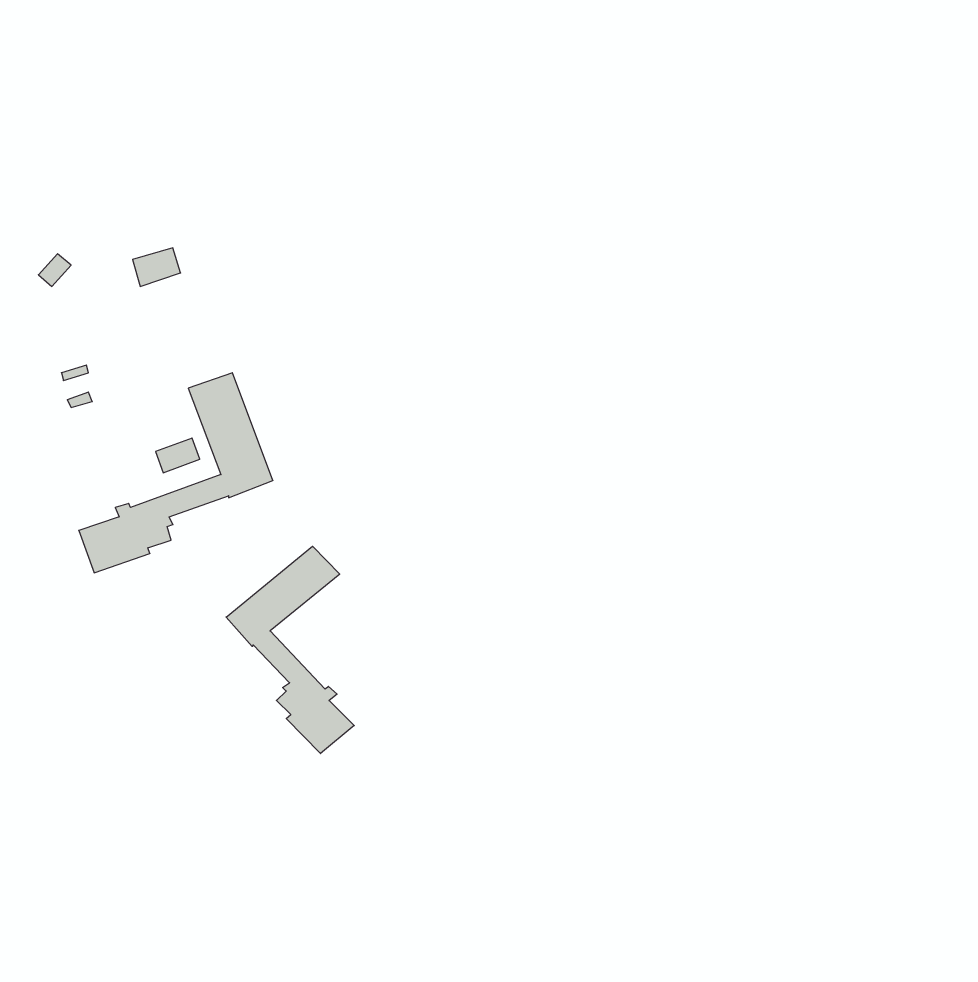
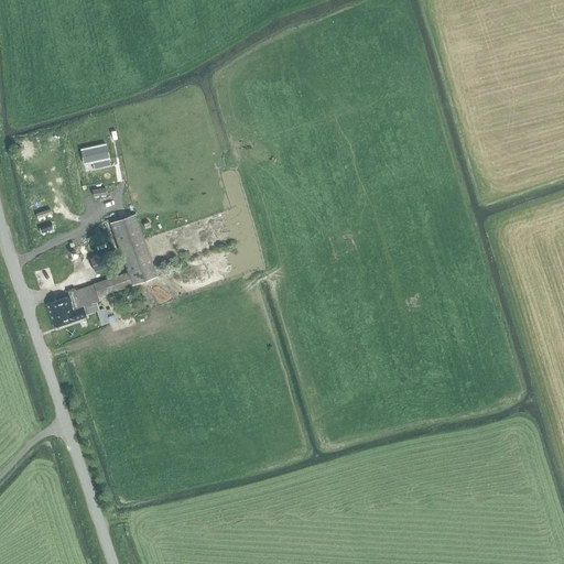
building: [226,546,354,754] -> none

